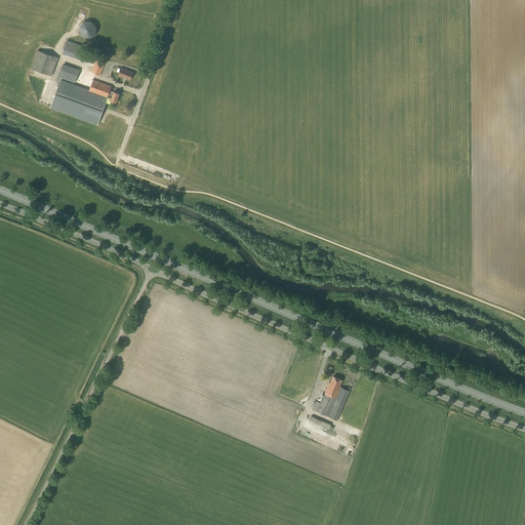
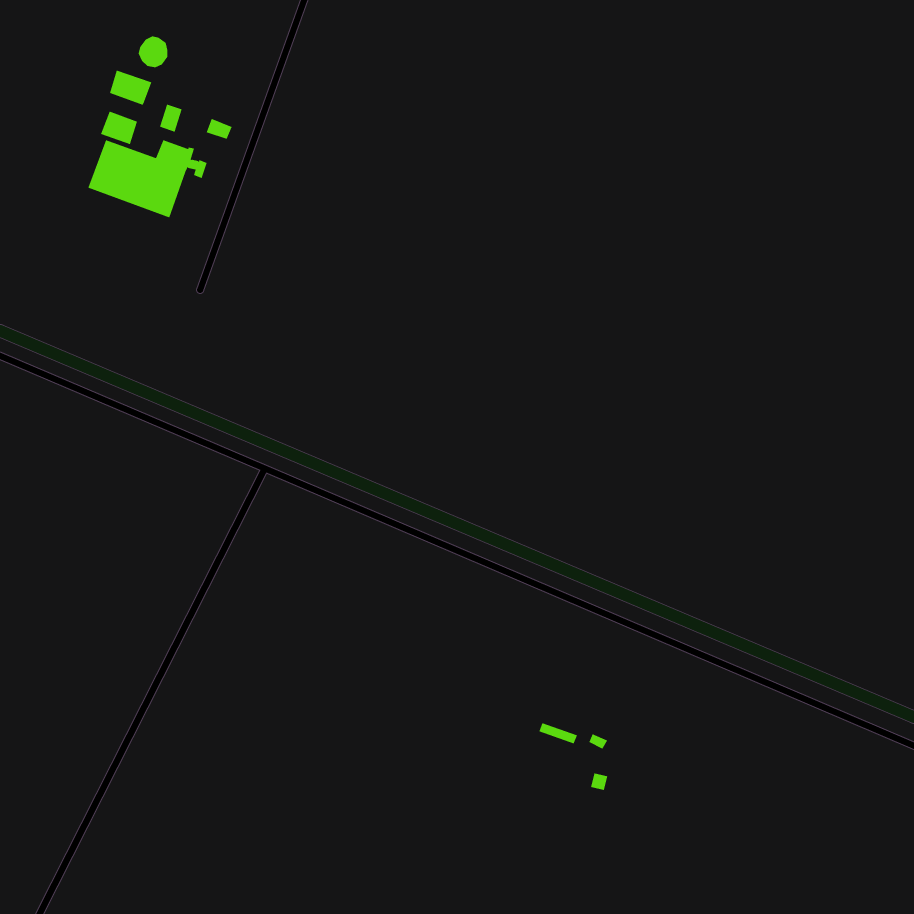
building: [31,50,58,76] -> none
building: [313,376,351,420] -> none

